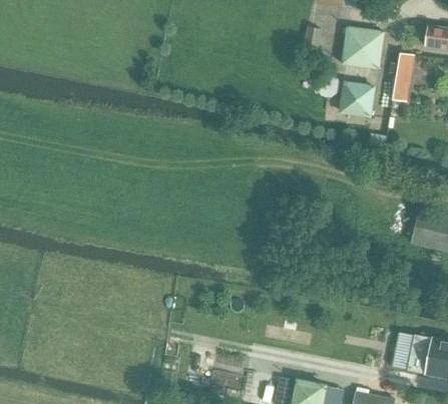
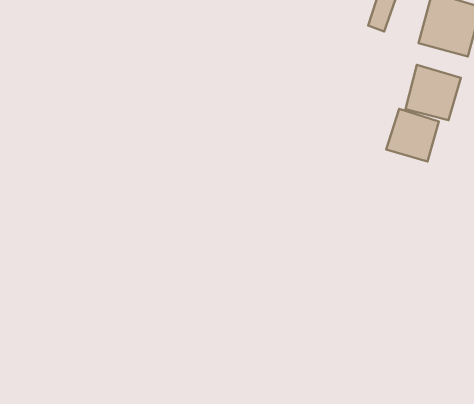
building: none -> [386,109,439,161]

